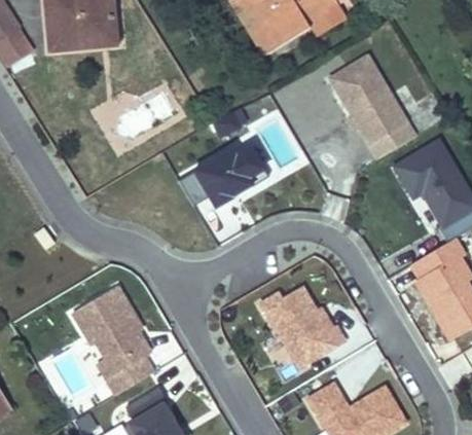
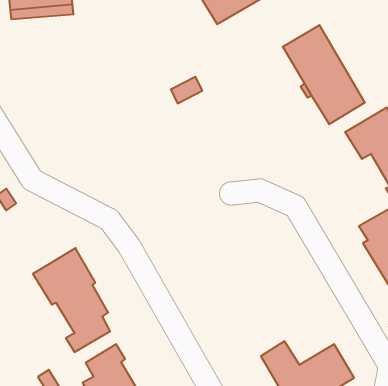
building: [179,133,273,214] -> none
building: [261,288,344,368] -> none

